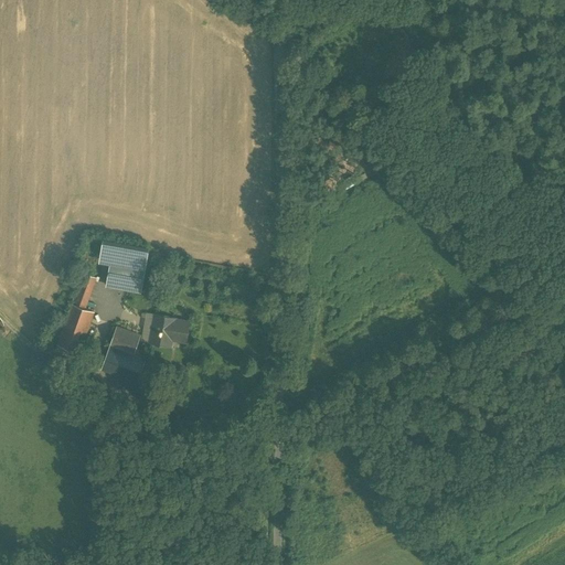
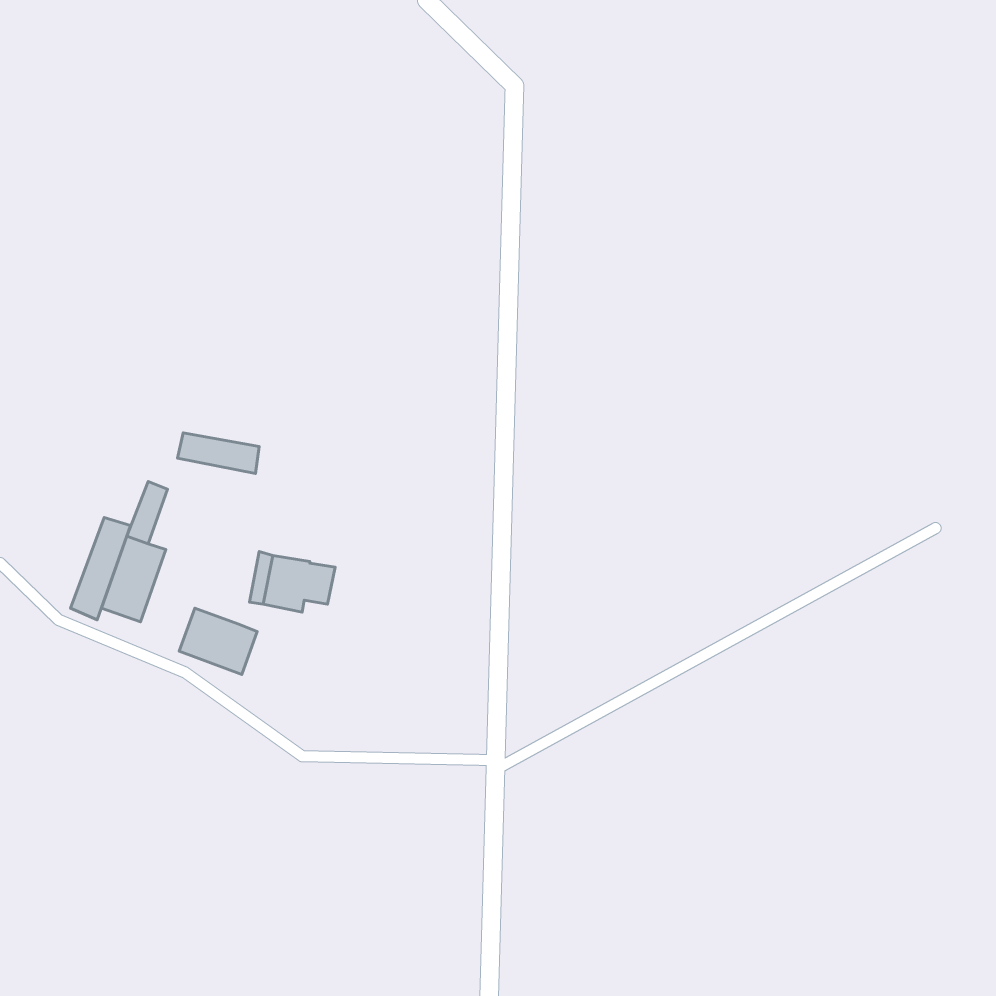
building: [107,264,145,291] -> none
building: none -> [70,517,130,620]
building: [110,327,140,353] -> none

